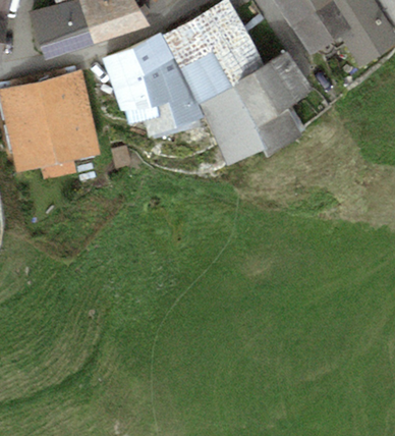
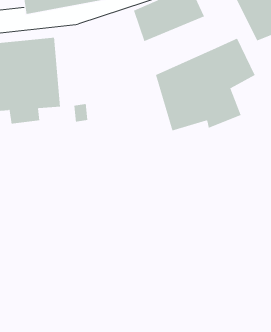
building: [181,30,263,102] -> none
building: [103,33,200,139] -> none

